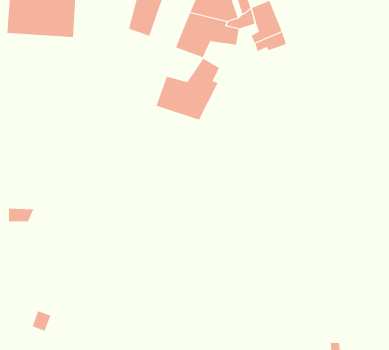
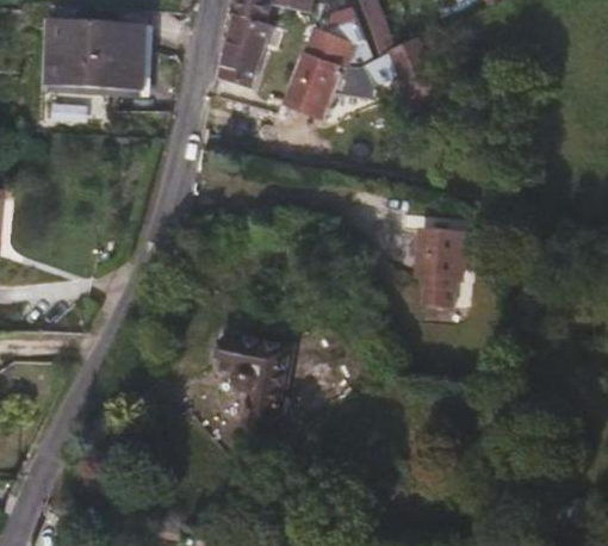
building: [156,58,220,120] -> none
building: none -> [417,230,465,311]
building: none -> [219,333,291,432]

